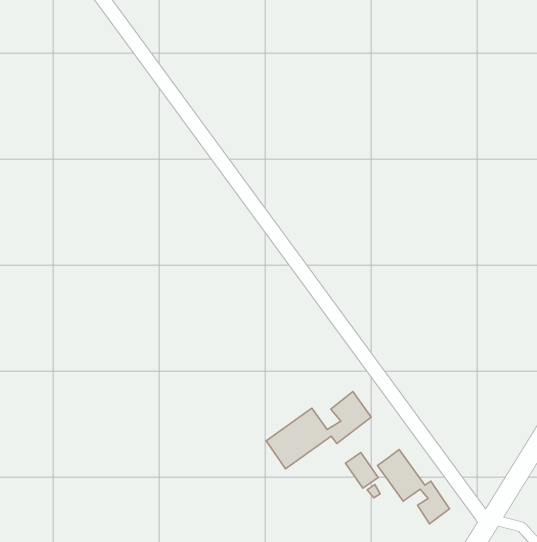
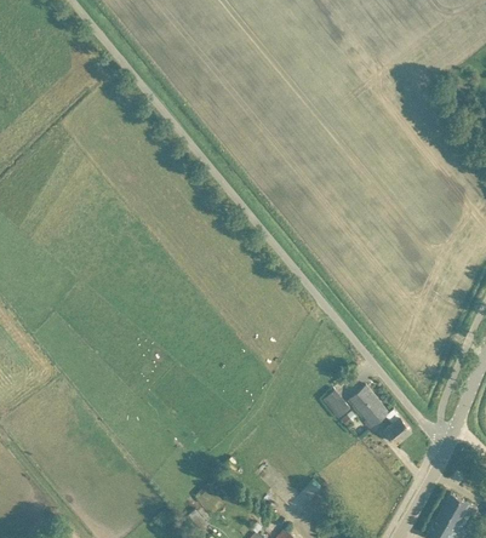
building: [266,391,371,469] -> none

